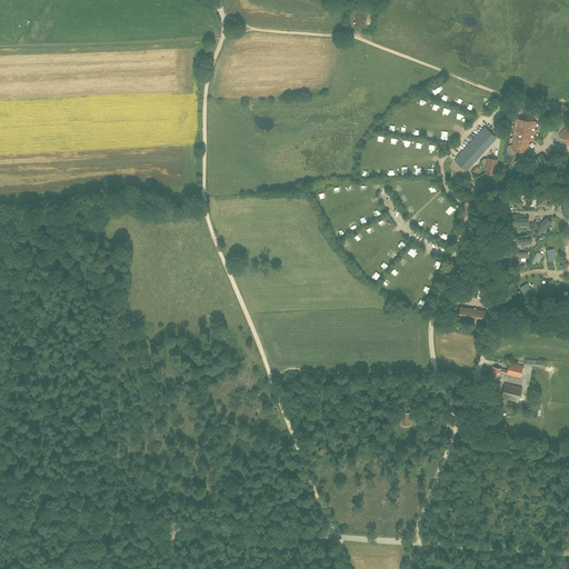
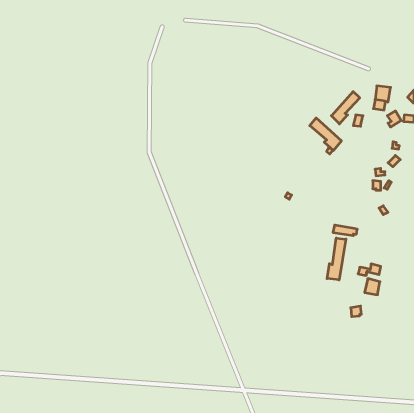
building: none -> [310,118,341,150]
building: none -> [327,238,346,280]

